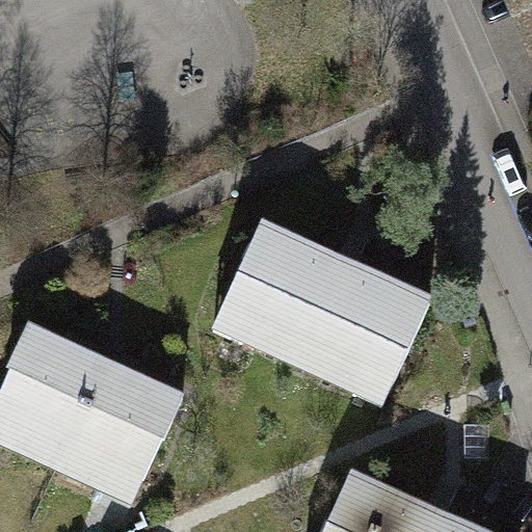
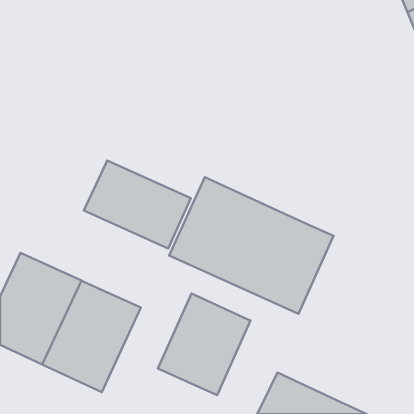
building: none -> [84,161,191,249]
building: none -> [158,293,251,395]

